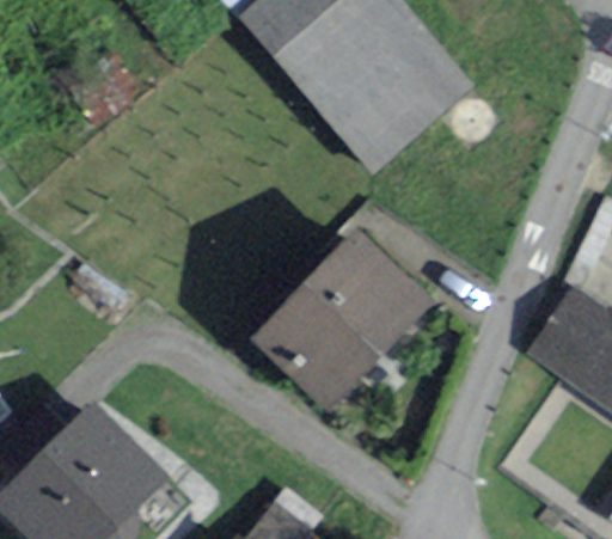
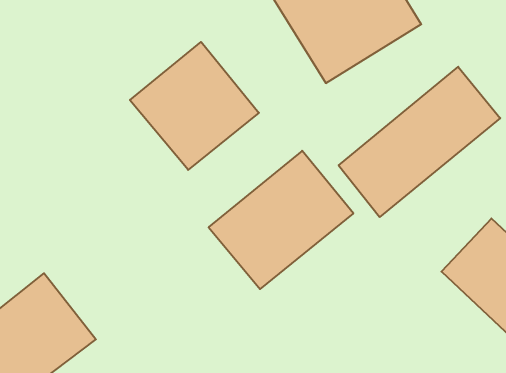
building: none -> [339,67,500,217]
building: none -> [130,42,259,170]

